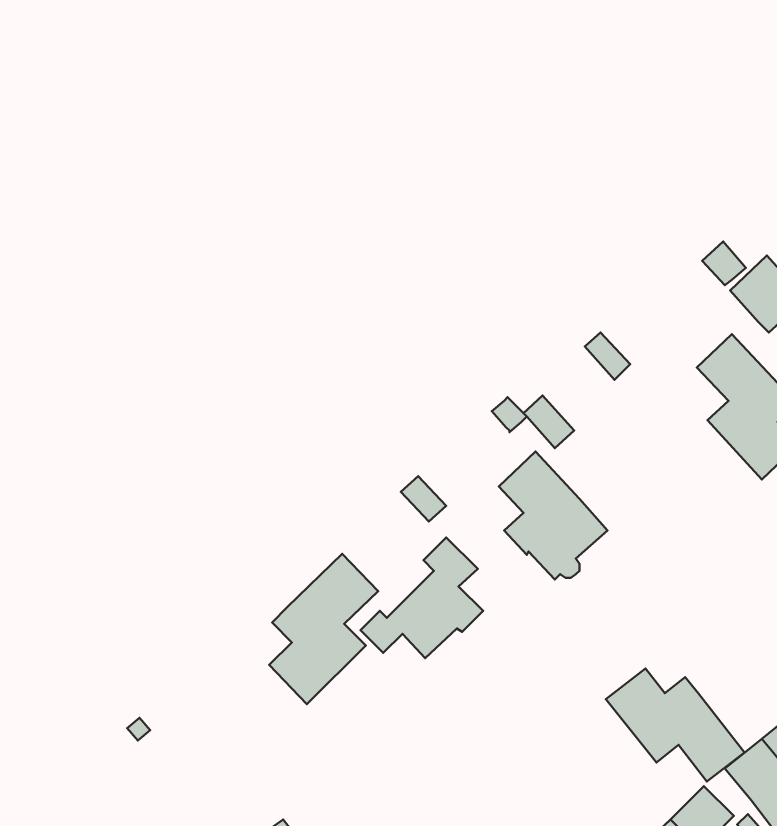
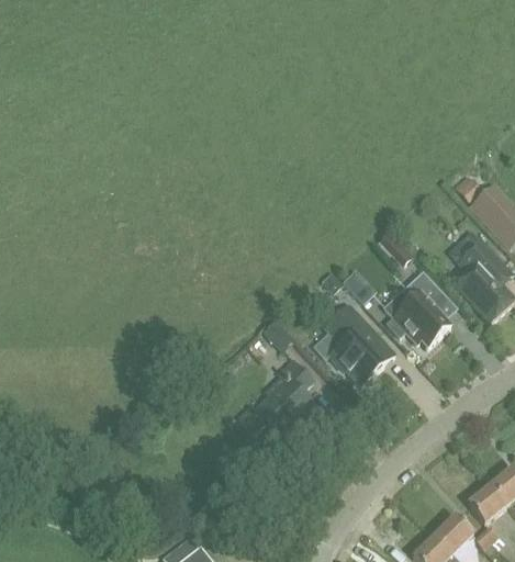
building: none -> [383,270,449,347]
building: [269,554,378,704] -> none
building: [606,669,745,782] -> none

